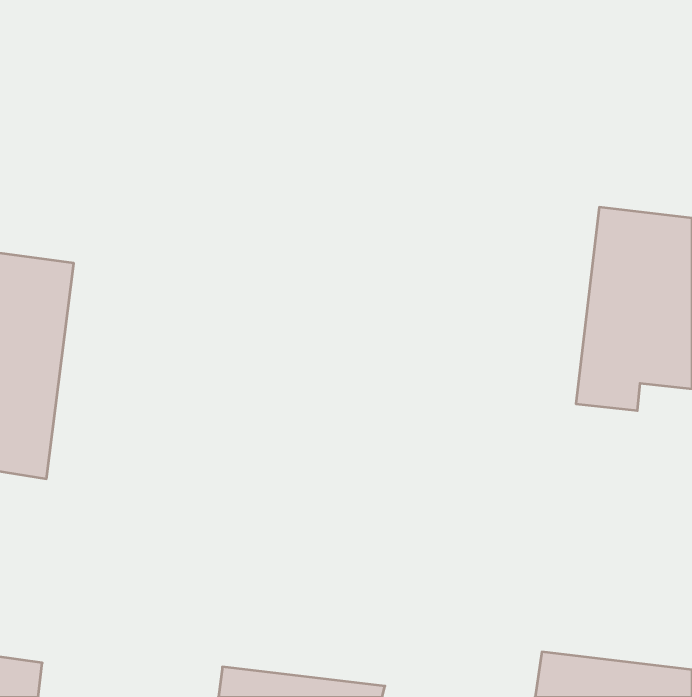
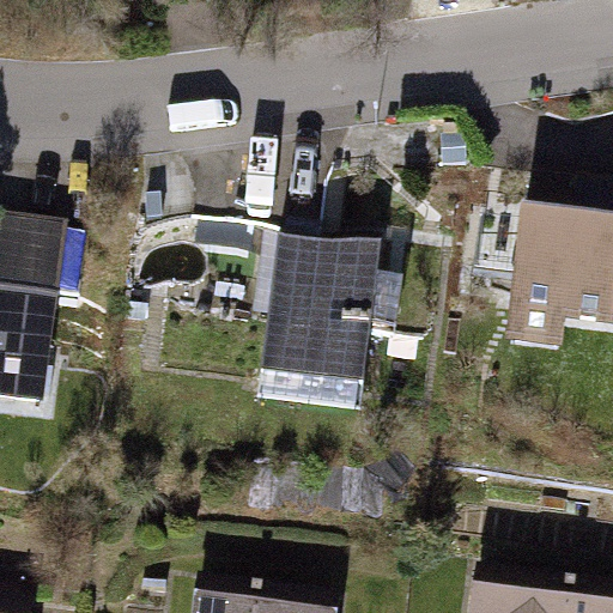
building: none -> [256,251,380,420]

